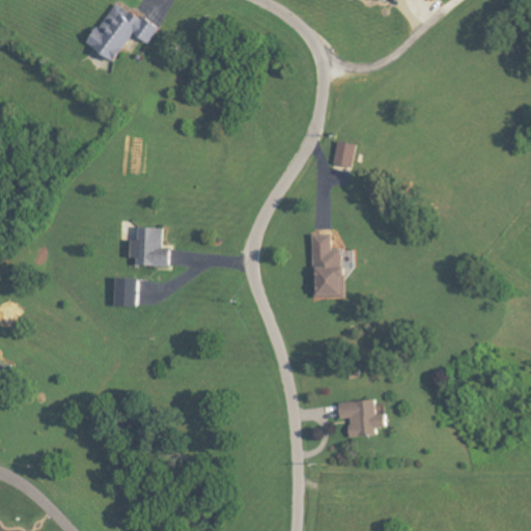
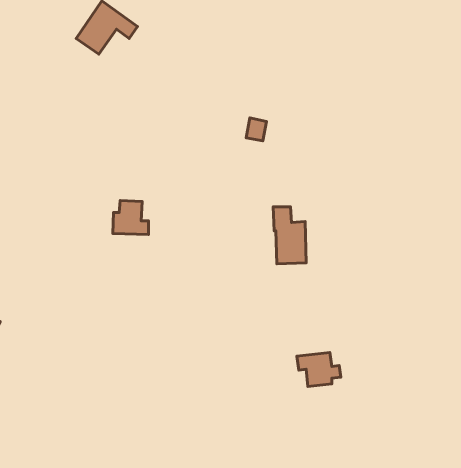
building: [331,141,354,167] -> [246,118,266,141]
building: [112,278,136,307] -> none

